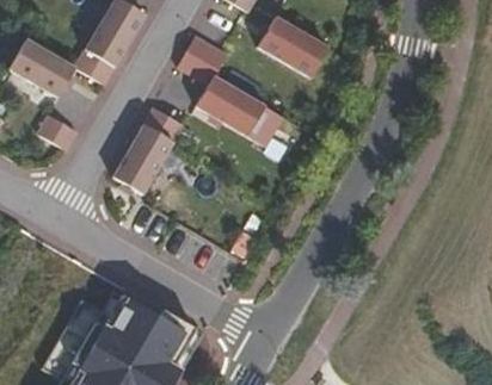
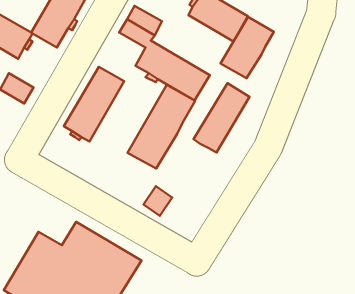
building: none -> [220,17,274,78]
building: none -> [194,83,249,152]
building: none -> [127,85,195,169]

